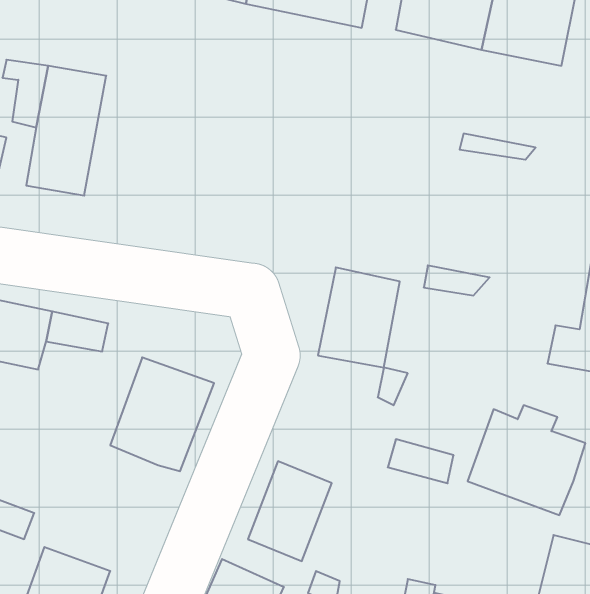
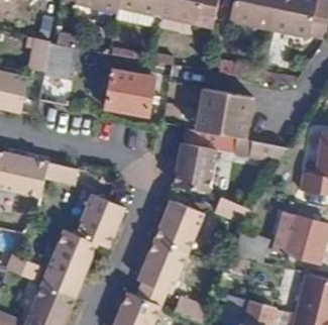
building: none -> [100,71,150,116]
building: none -> [195,86,255,137]
building: none -> [162,201,205,250]
building: none -> [50,228,102,282]

